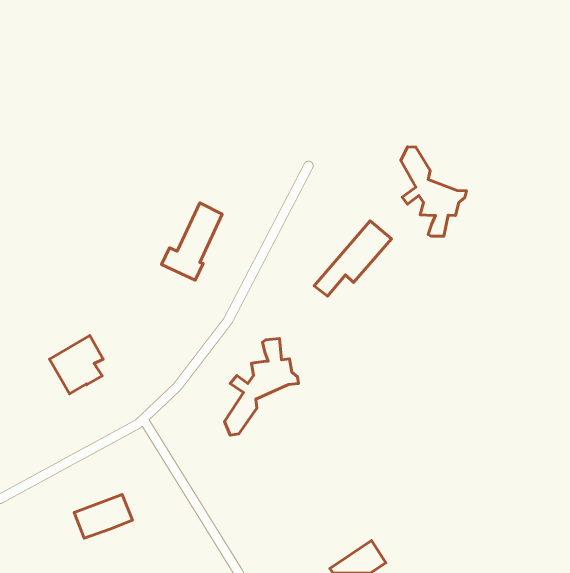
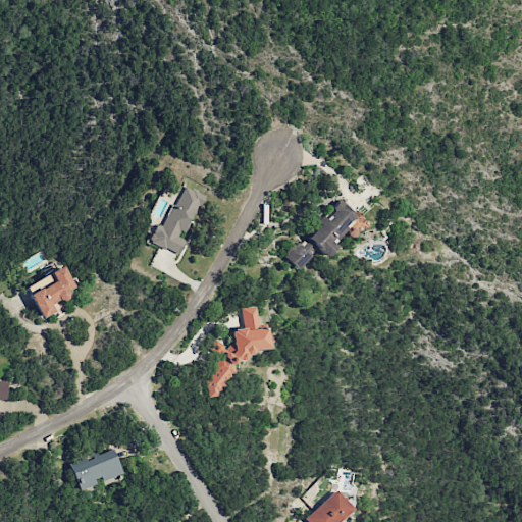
building: [401,147,466,236] -> none
building: [49,335,103,394] -> [28,266,76,319]

